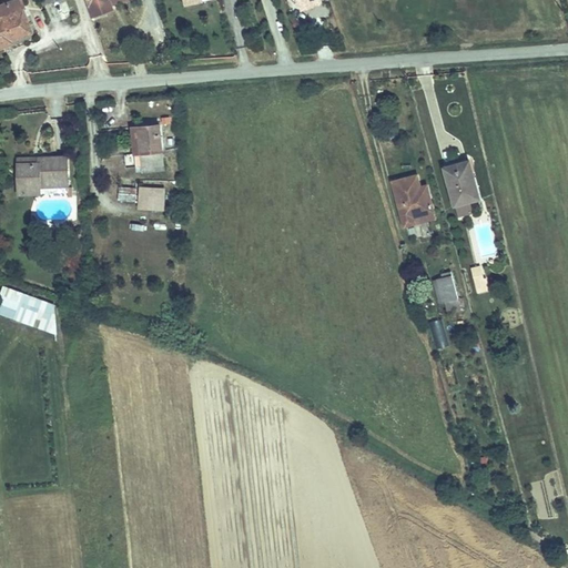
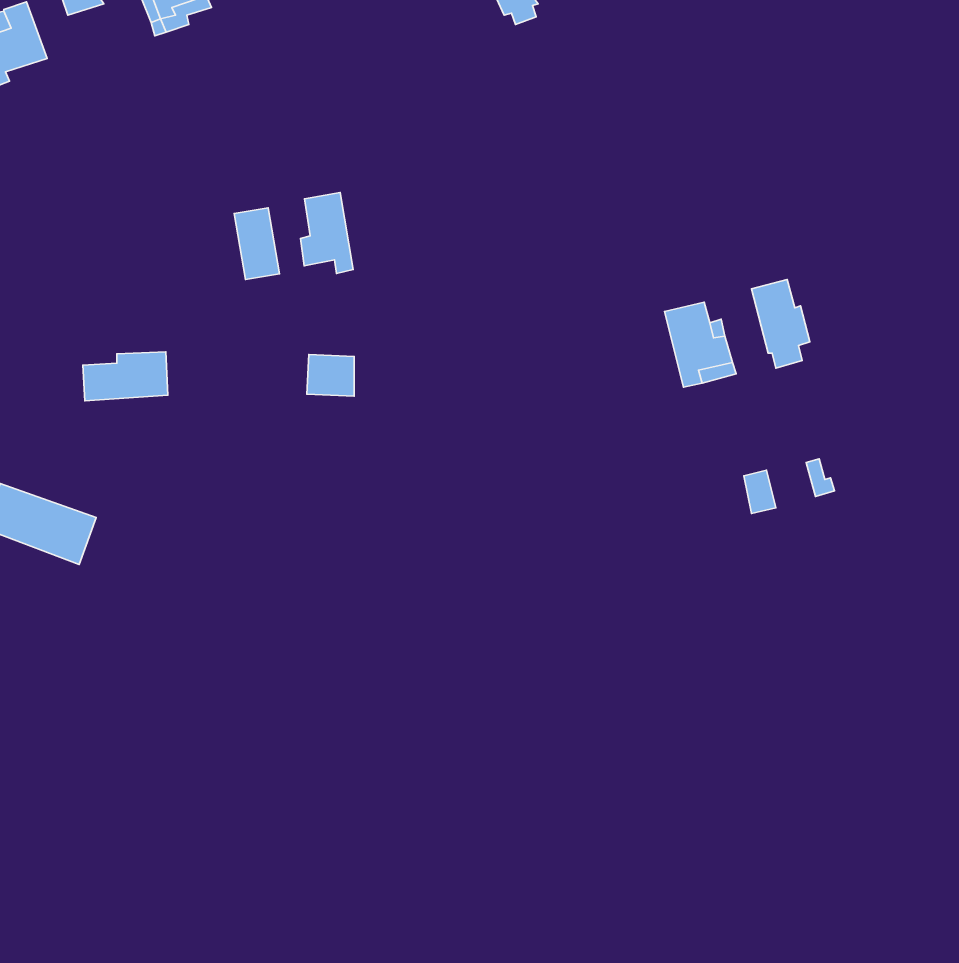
building: none -> [300,192,353,273]
building: [19,153,69,182] -> [83,352,168,401]
building: [133,185,161,210] -> [307,355,354,396]

